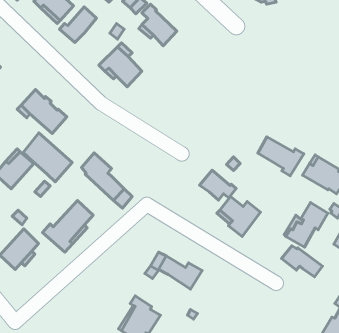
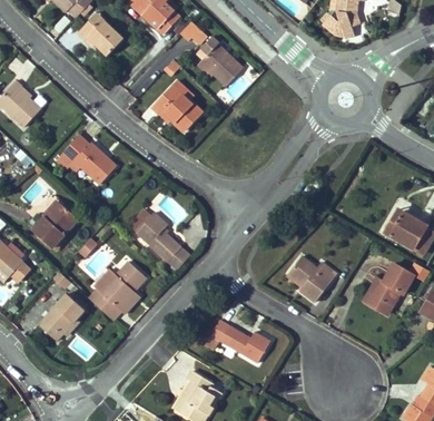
building: [59,7,96,43] -> none
building: [23,133,72,182] -> none
building: [258,137,304,176] -> none
building: [200,170,236,200] -> none
building: [282,246,323,277] -> none

